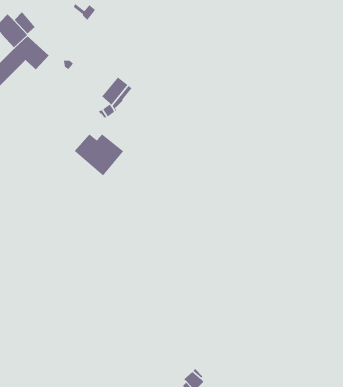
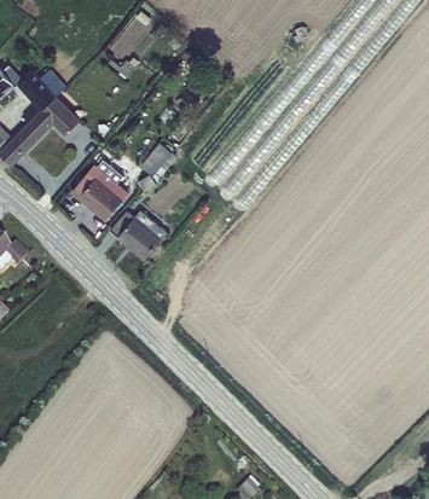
building: none -> [71,163,128,220]

